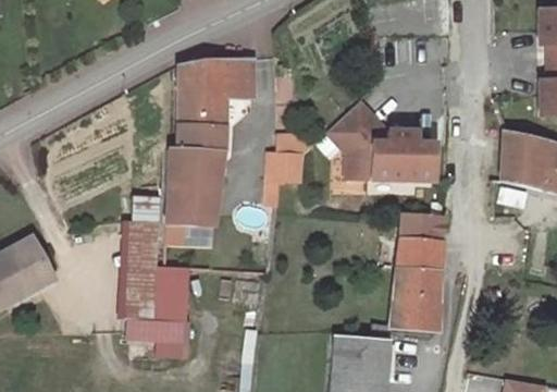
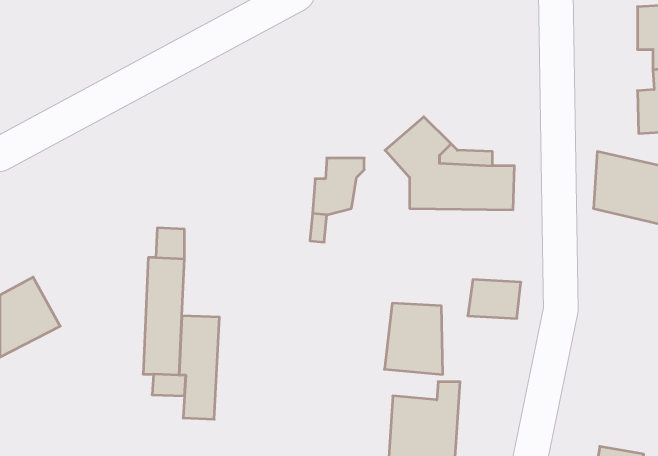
building: [165,61,252,245] -> none
building: [400,215,444,242] -> none
building: [389,270,438,330] -> [384,303,443,374]

